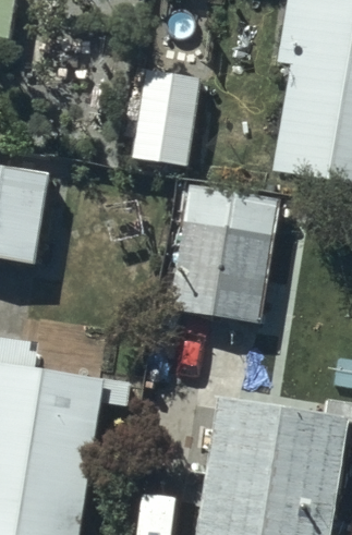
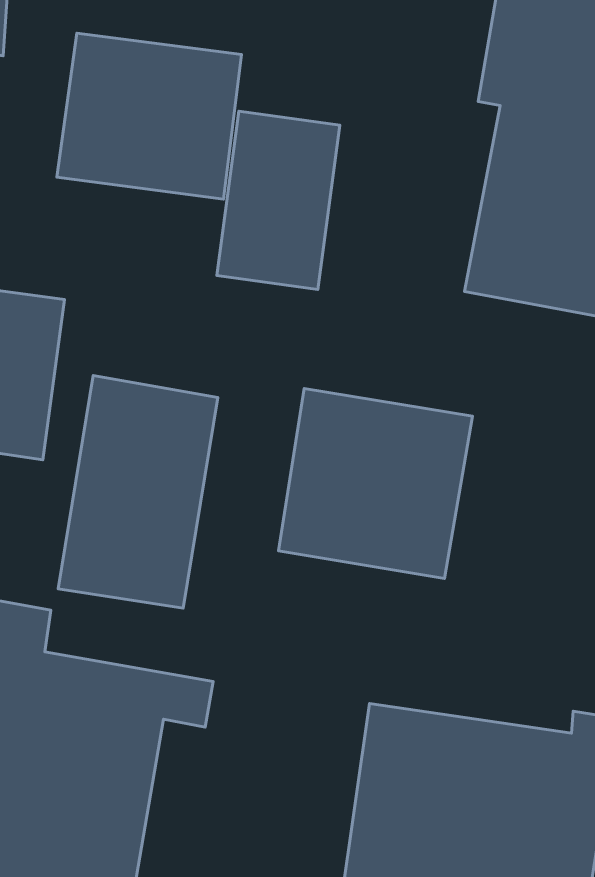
building: none -> [57,33,242,199]
building: none -> [58,376,218,608]

